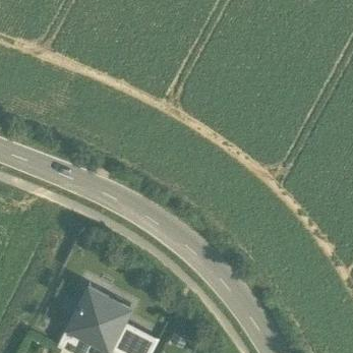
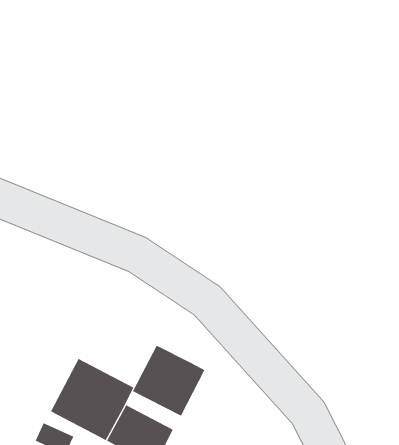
building: none -> [132,345,205,417]

